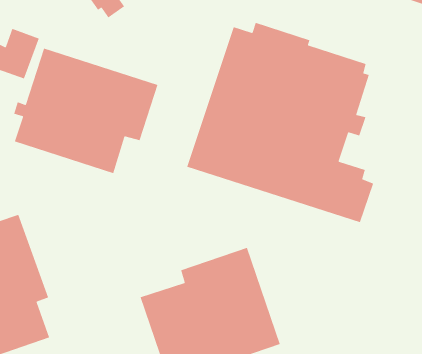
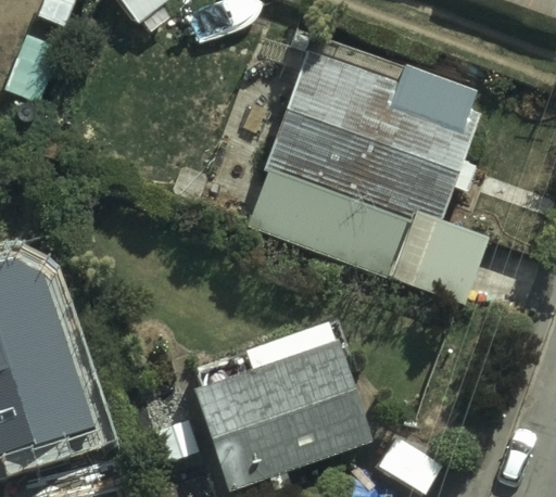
building: [13,48,159,174] -> none

